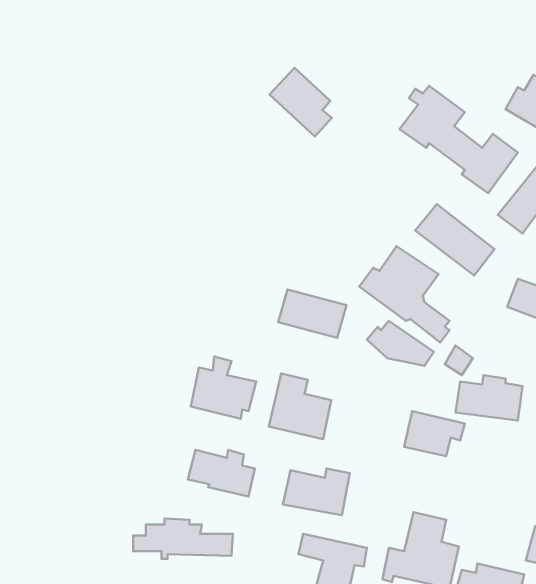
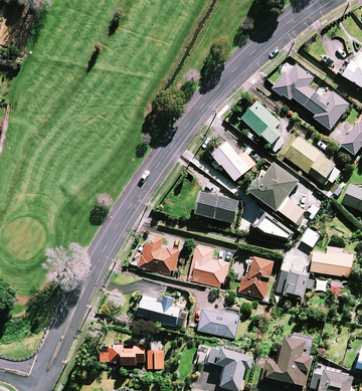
building: [270,68,332,136] -> [239,101,280,145]
building: none -> [209,141,254,180]
building: none -> [237,255,272,298]

